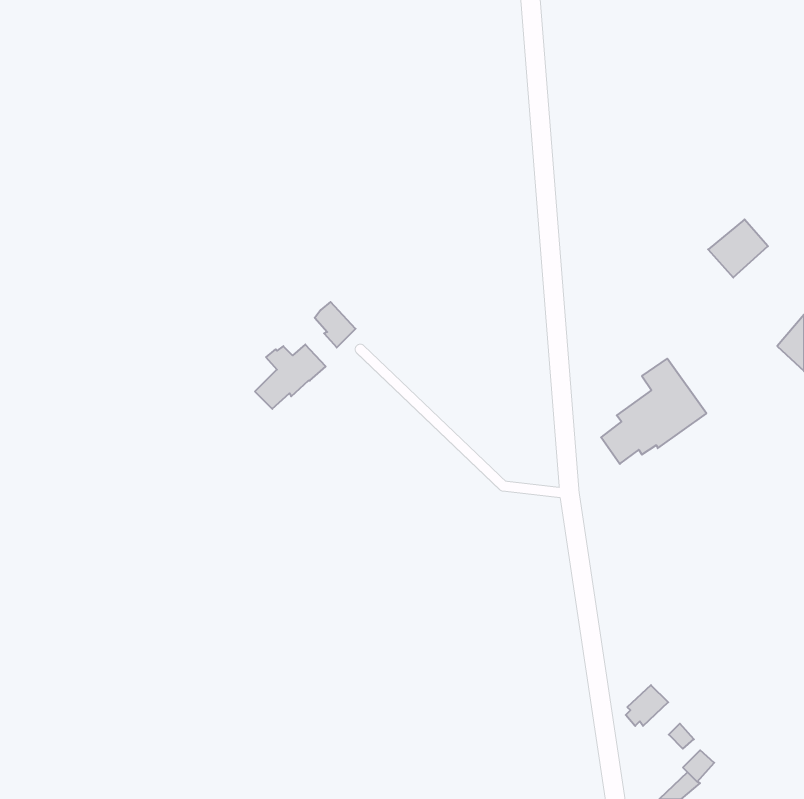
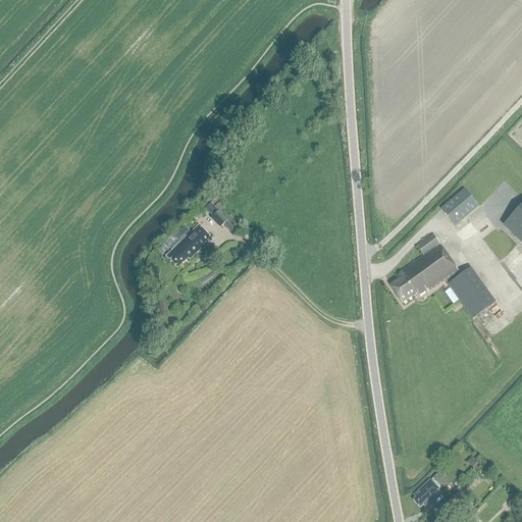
building: [708,219,768,278] -> [439,187,478,224]
building: none -> [448,267,495,317]
building: [626,685,668,726] -> [413,478,440,505]

